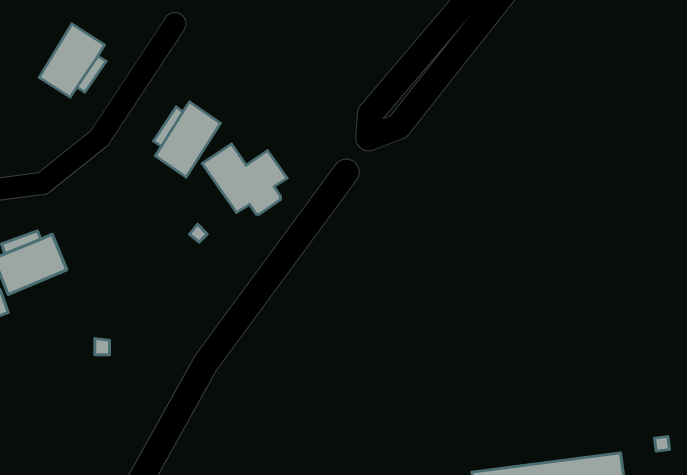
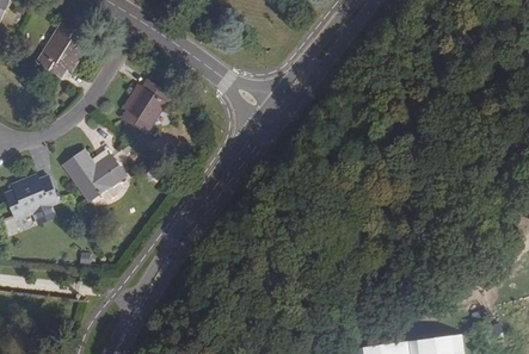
building: [202,144,287,214] -> [63,150,125,201]

